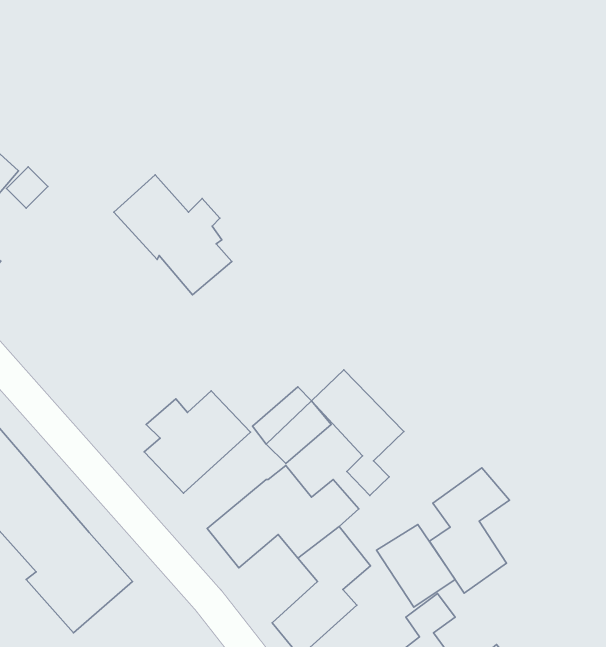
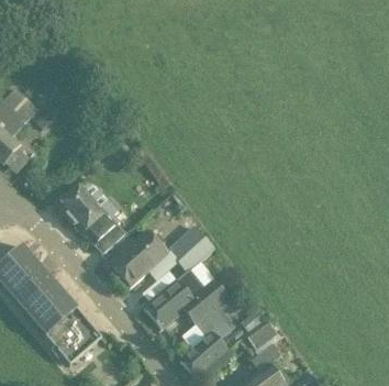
building: [114,175,232,295] -> [59,187,125,254]
building: [312,370,404,495] -> none
building: [429,468,509,593] -> none

